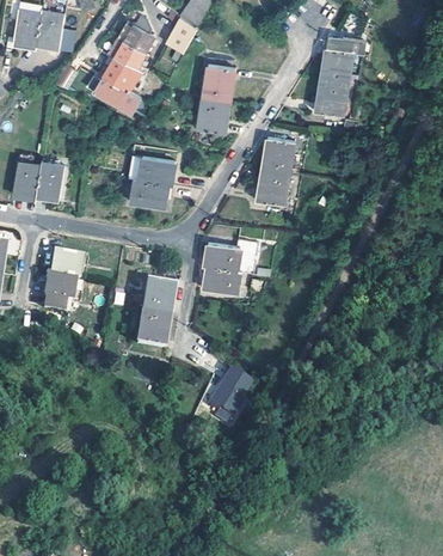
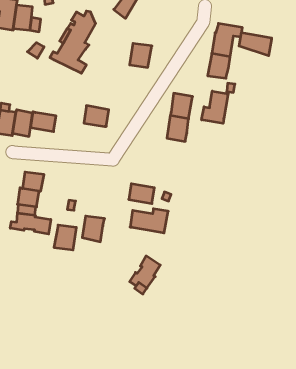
building: [166,18,197,54] -> none
building: none -> [239,32,272,56]
building: [197,97,229,134] -> none
building: none -> [202,91,228,123]
building: [130,179,167,208] -> [30,112,56,132]
building: [203,242,258,276] -> [130,209,168,233]
building: [140,282,172,318] -> [54,225,76,250]
building: none -> [10,213,51,234]

